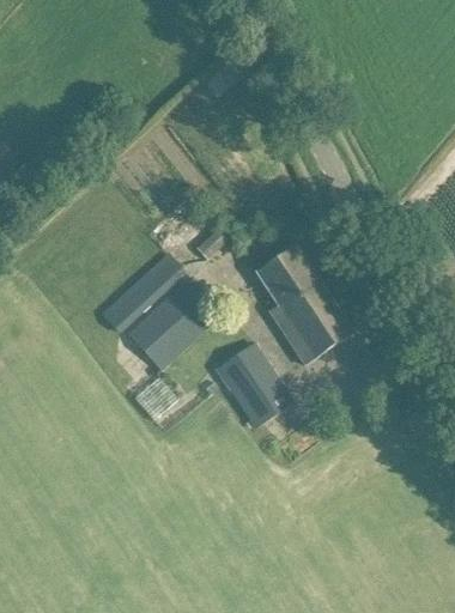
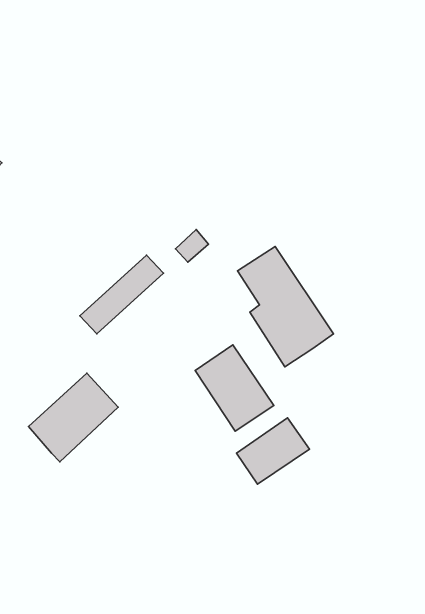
building: [128,281,217,369] -> [28,373,118,462]
building: none -> [237,418,310,484]

